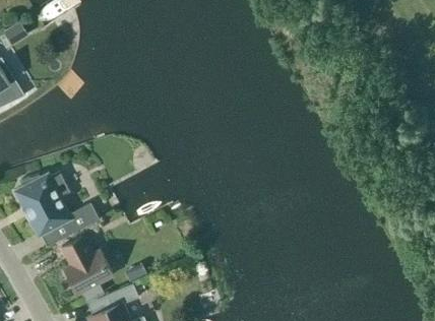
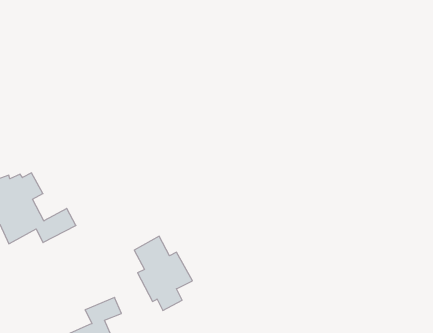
building: [61,236,113,302] -> [134,236,192,310]

